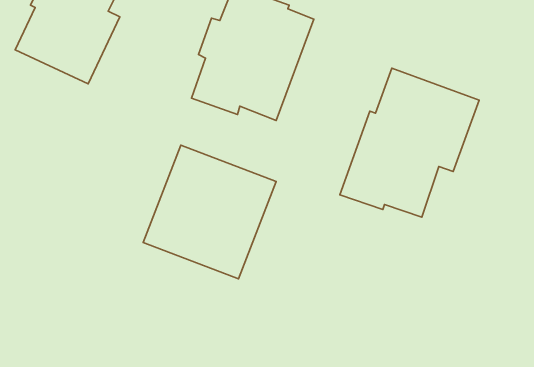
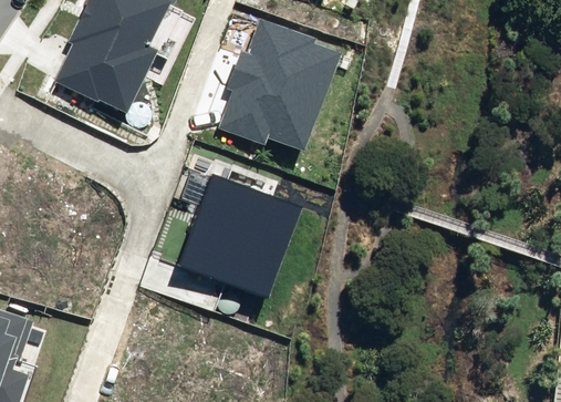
building: [340,68,479,217] -> none

